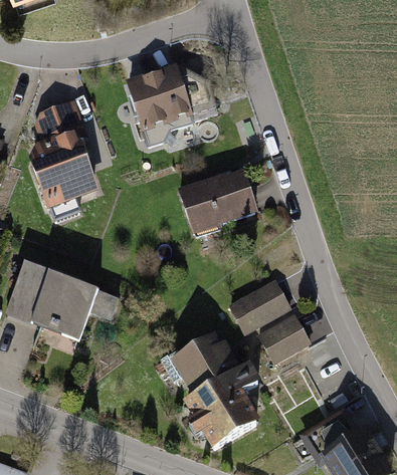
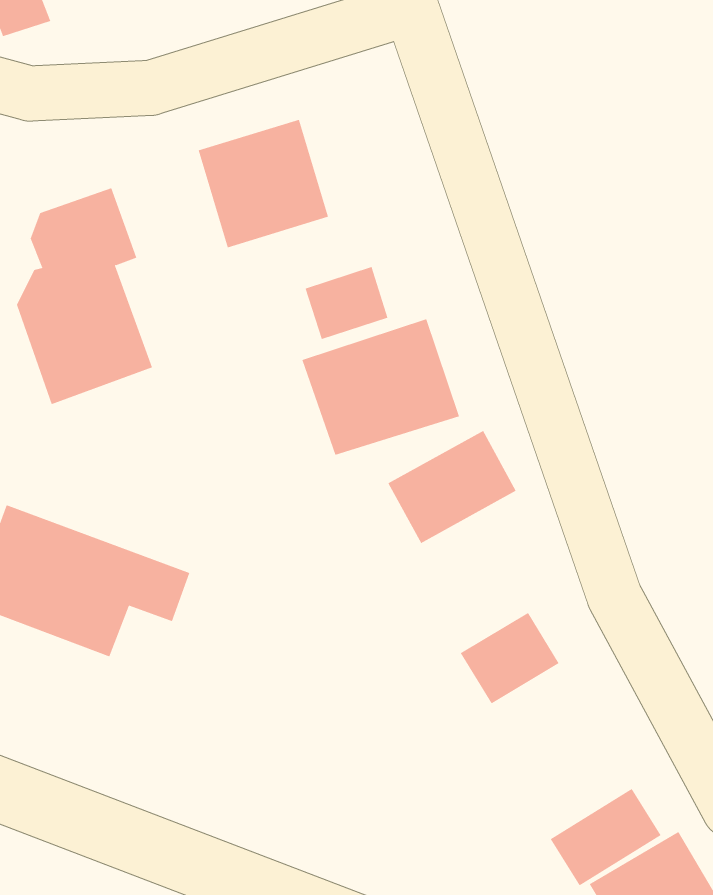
building: none -> [305,266,388,340]
building: [226,277,292,335] -> [388,430,517,544]
building: [172,333,259,451] -> none

